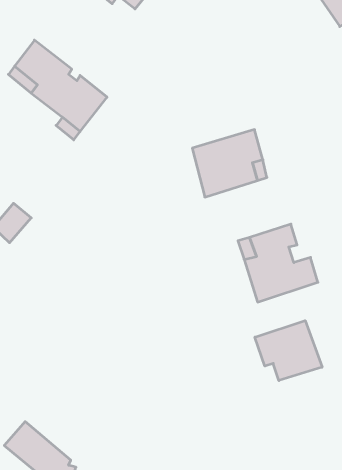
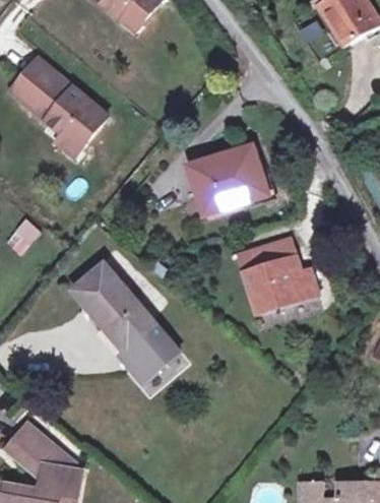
building: none -> [71,265,180,382]
building: [255,321,322,381] -> none

